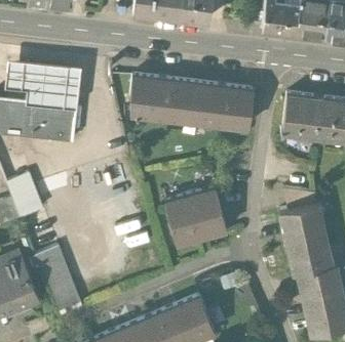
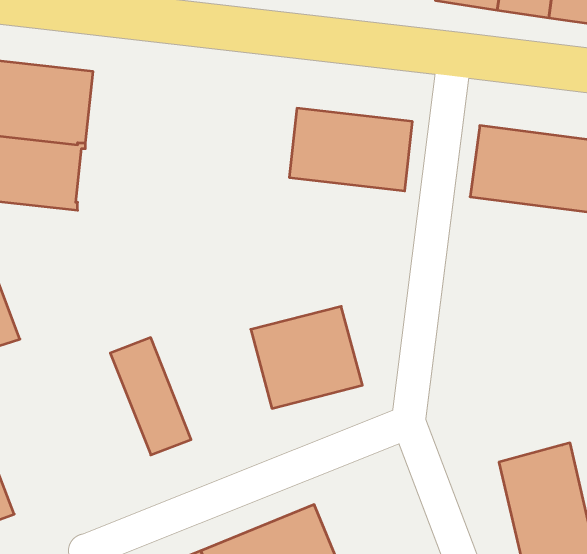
building: [129,78,189,122] -> none
building: [279,206,331,274] -> none
building: [38,248,81,310] -> [110,338,191,455]

